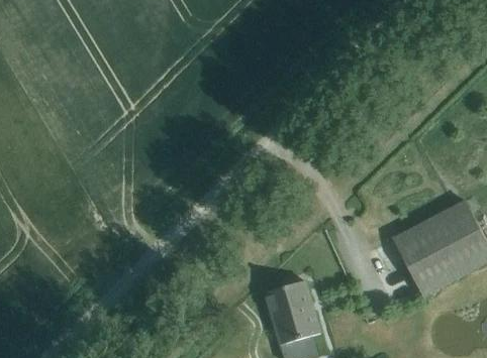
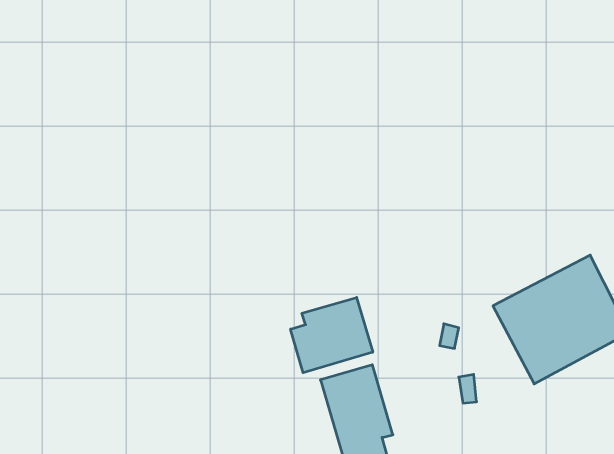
building: none -> [291,297,373,373]

